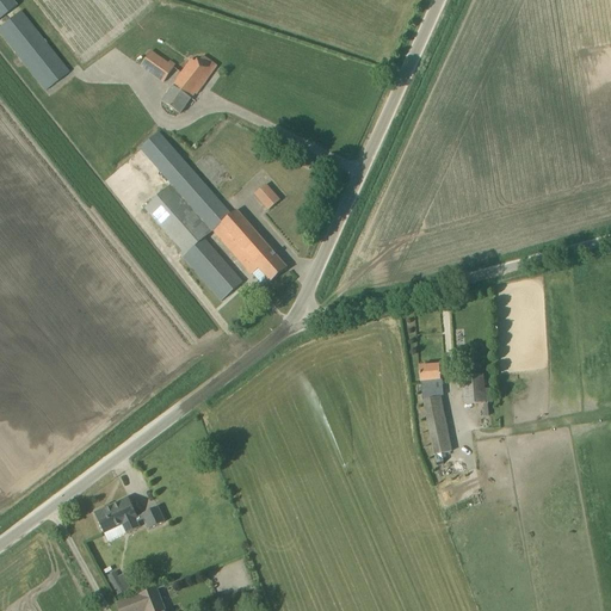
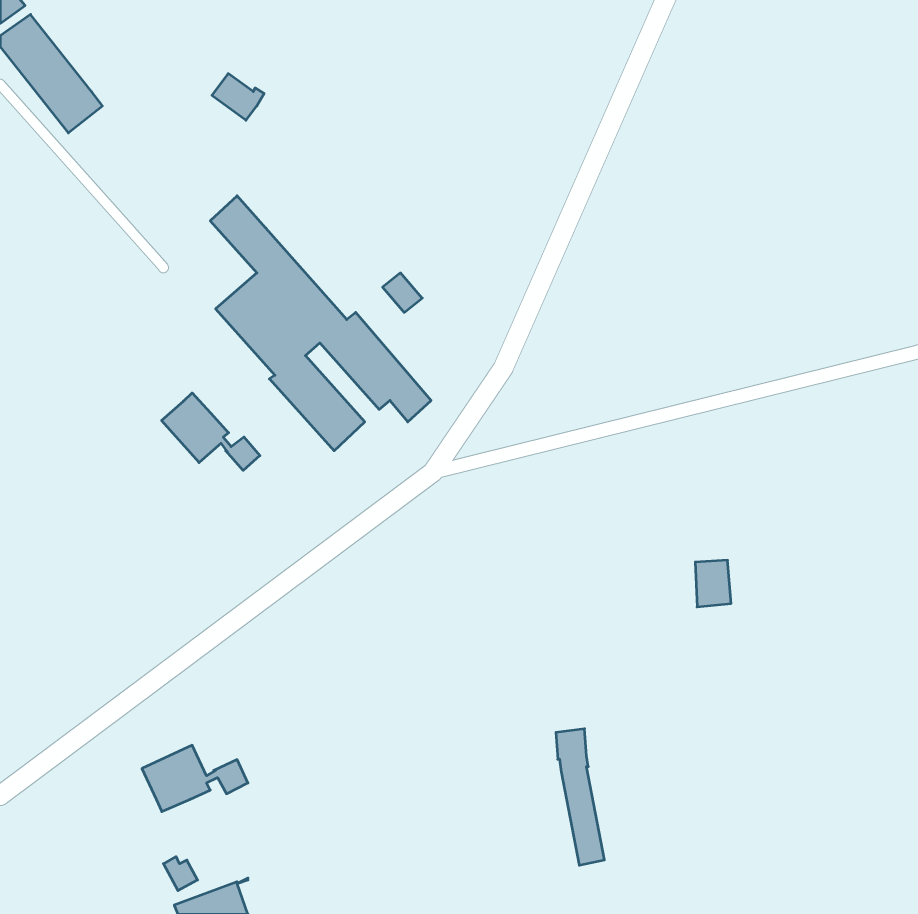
building: [162,53,217,112] -> none
building: none -> [162,393,260,470]
building: [420,363,452,453] -> [556,729,604,865]

